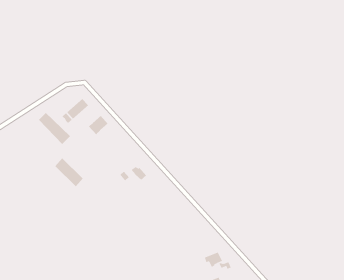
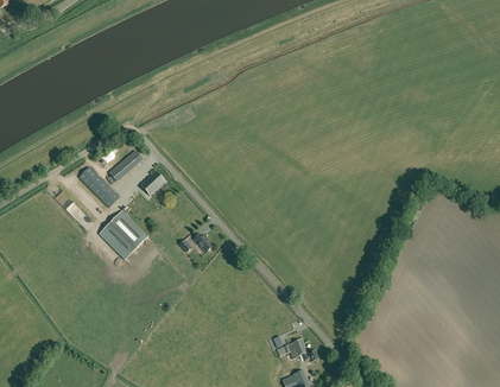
building: none -> [108,209,147,248]

